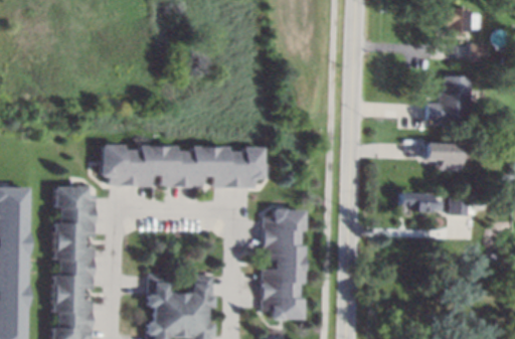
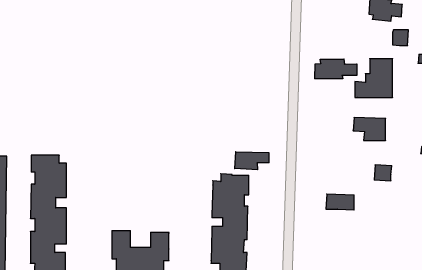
building: none -> [315,59,357,79]
building: [100,144,263,187] -> none
building: none -> [235,152,269,170]
building: [396,192,428,210] -> [326,194,354,210]

